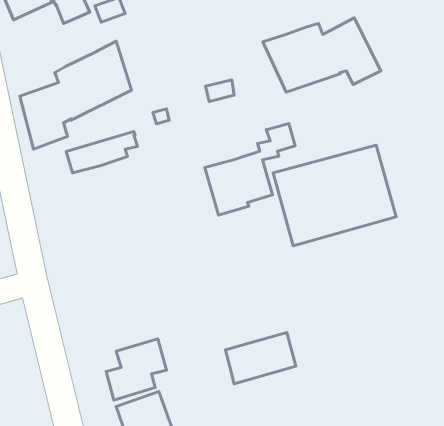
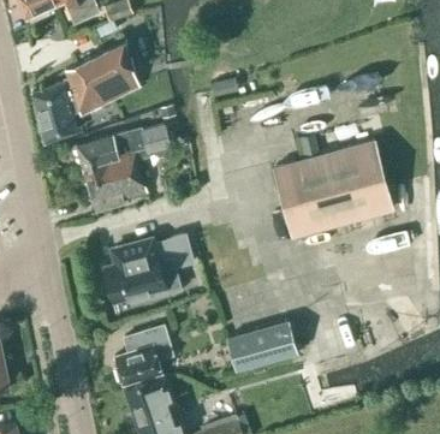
building: [263,18,381,92] -> none
building: [205,123,295,215] -> [82,125,168,213]
building: none -> [103,234,194,303]

